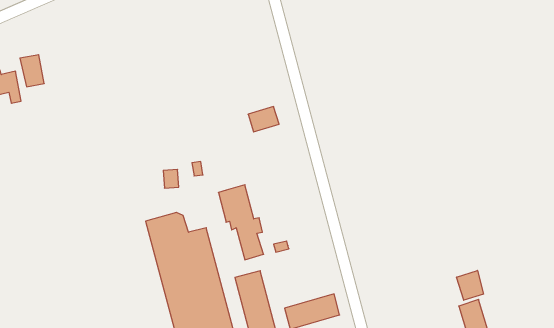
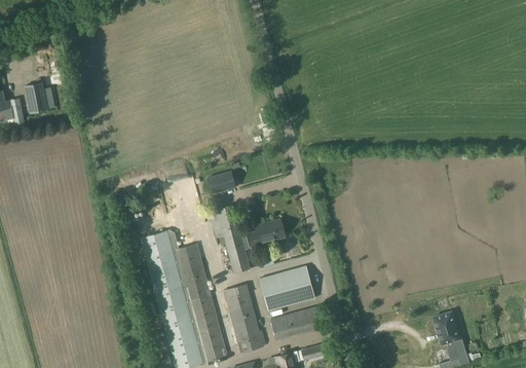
building: [248,107,279,132] -> [205,169,234,192]
building: none -> [248,219,285,247]
building: none -> [259,265,315,310]
building: [457,270,483,300] -> none

